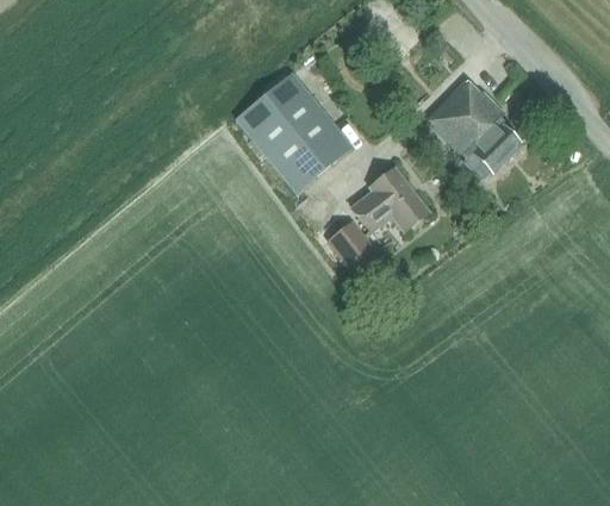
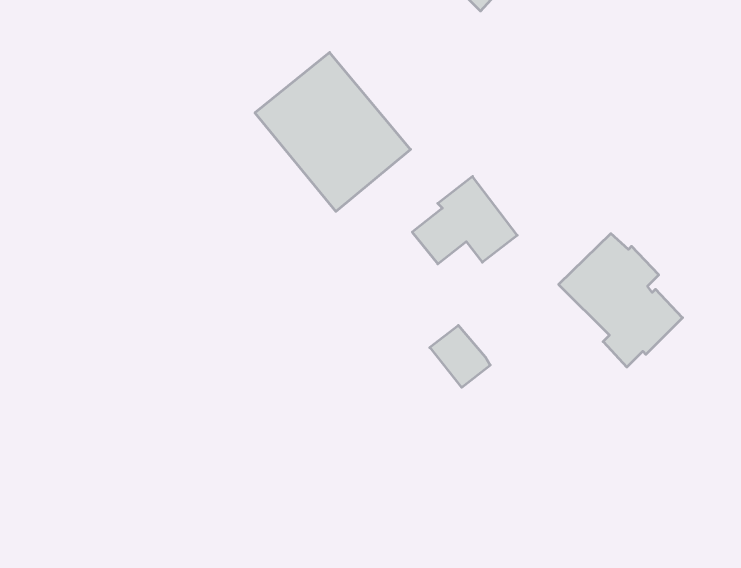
building: [428,80,521,180] -> [559,234,683,367]
building: [328,224,373,270] -> [430,325,490,387]

